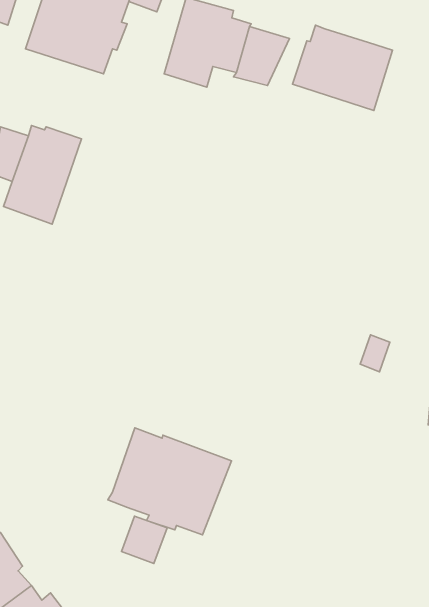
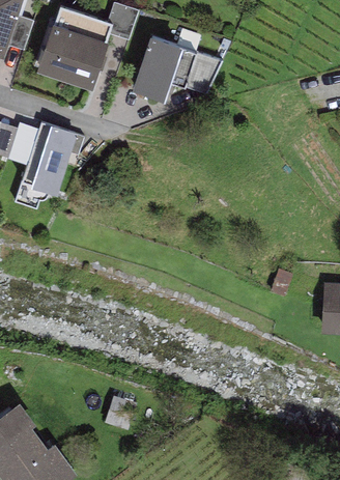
building: [293,25,393,110] -> none
building: [108,428,231,535] -> none

